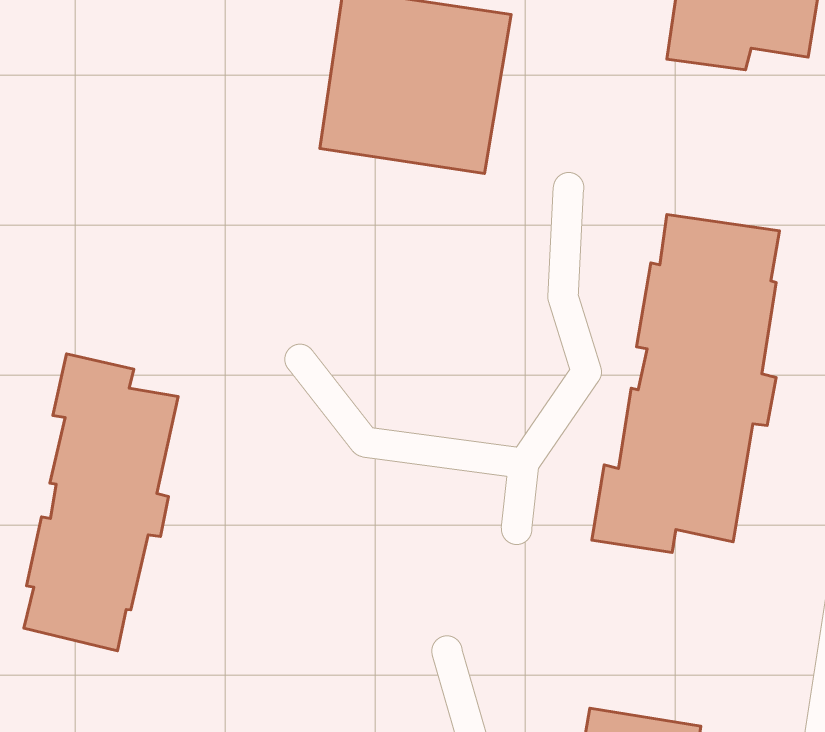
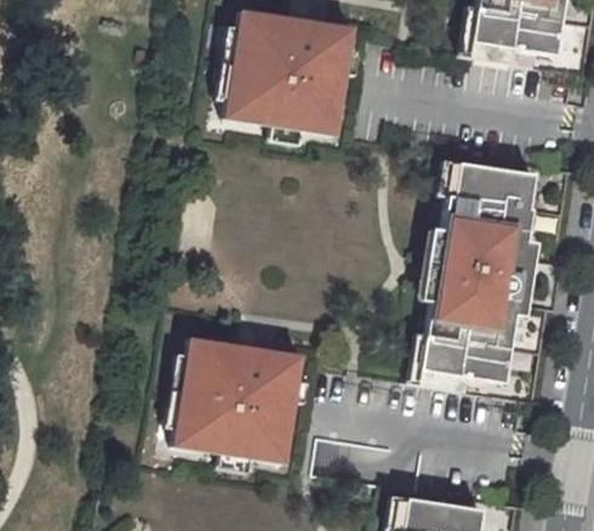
building: [24,354,178,651] -> none
building: none -> [175,337,303,463]

